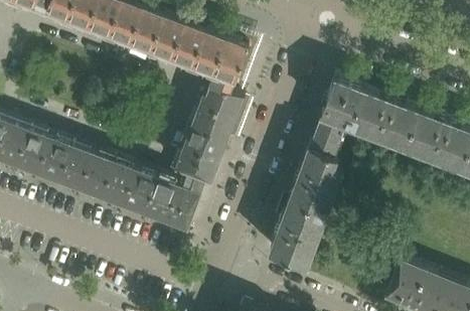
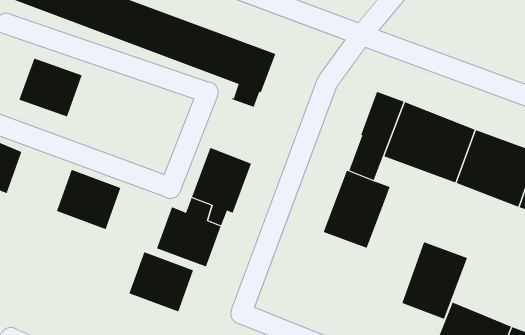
building: [190,88,243,143] -> none
building: [15,133,70,184] -> [19,58,83,117]
building: [101,164,157,216] -> [129,252,194,312]
building: [269,202,326,270] -> [401,242,468,320]

